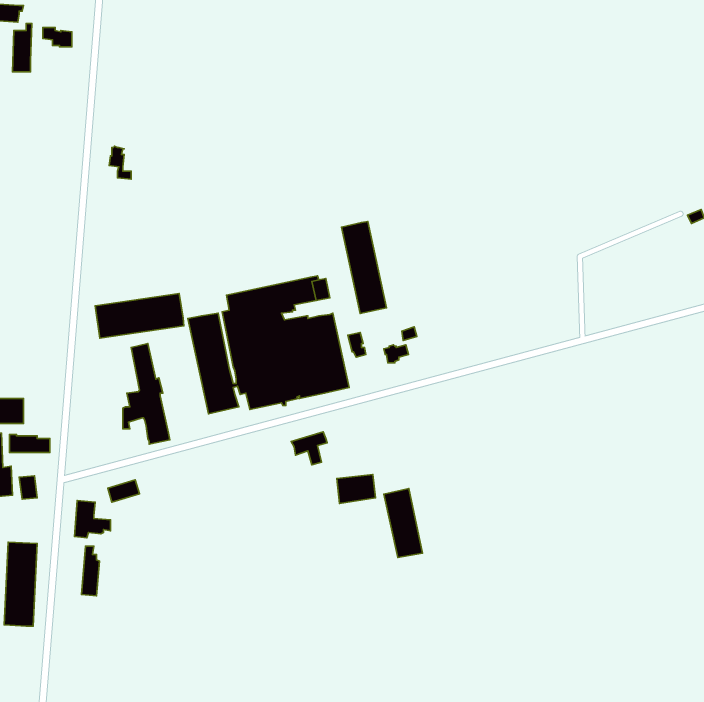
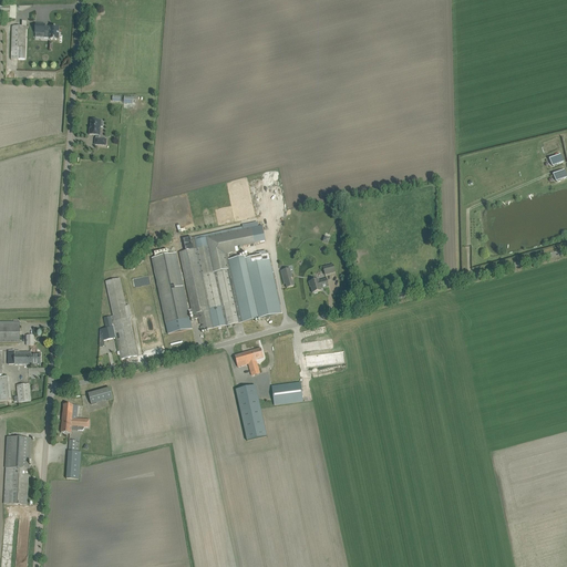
building: [341,222,386,313] -> none
building: [95,294,184,338] -> none
building: [384,488,423,557] -> [235,383,266,439]

